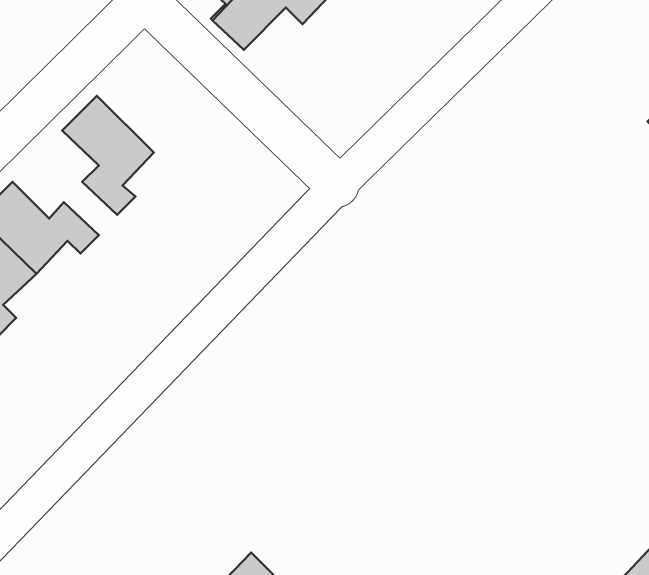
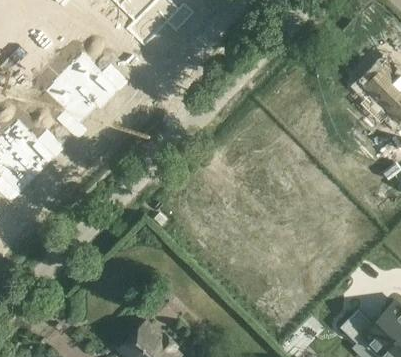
building: none -> [63,52,128,102]

